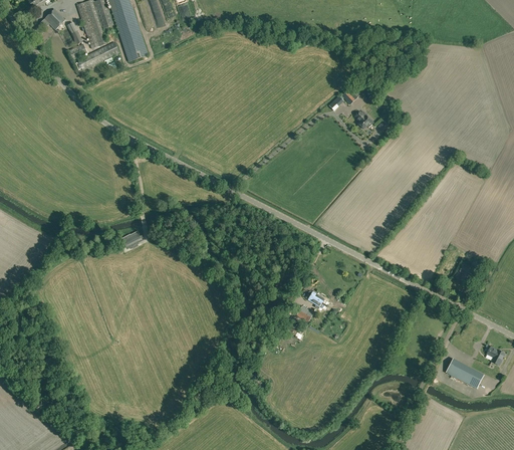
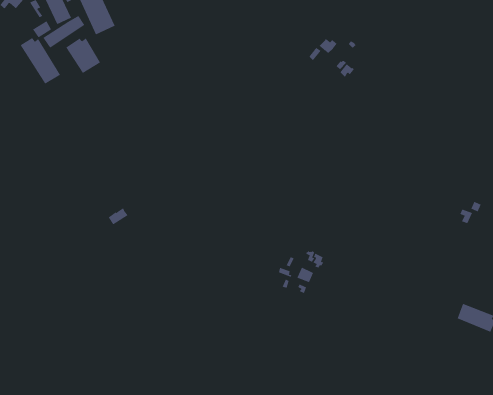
building: none -> [20,37,61,84]
building: none -> [65,38,101,74]

